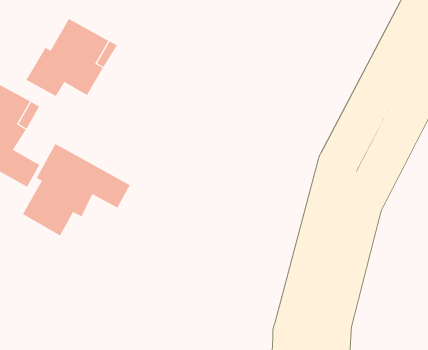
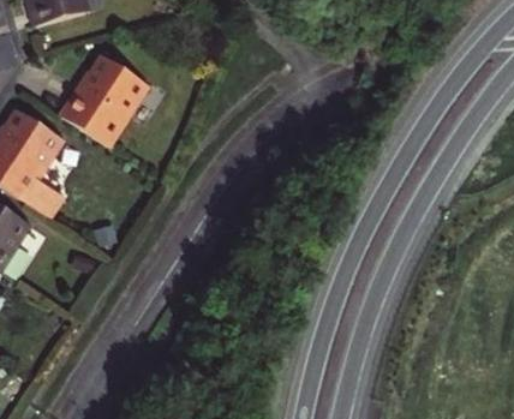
building: [22,143,130,236] -> none

